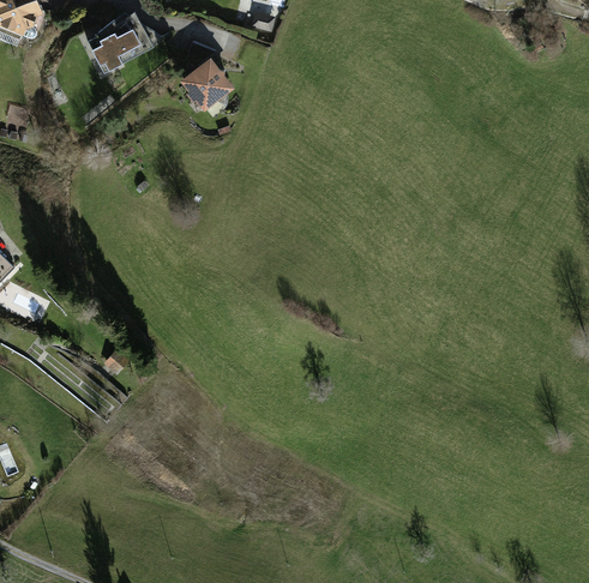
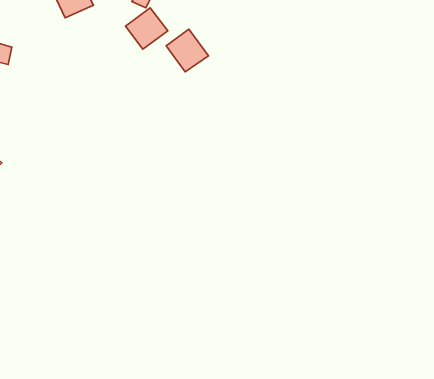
building: none -> [166,29,209,72]

